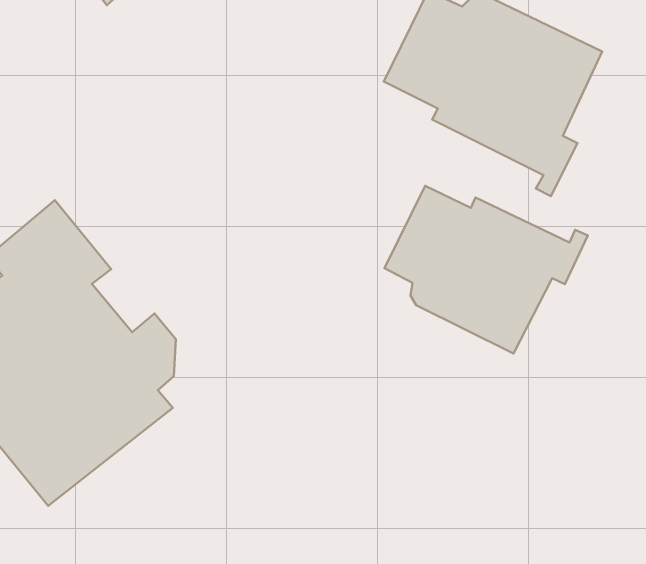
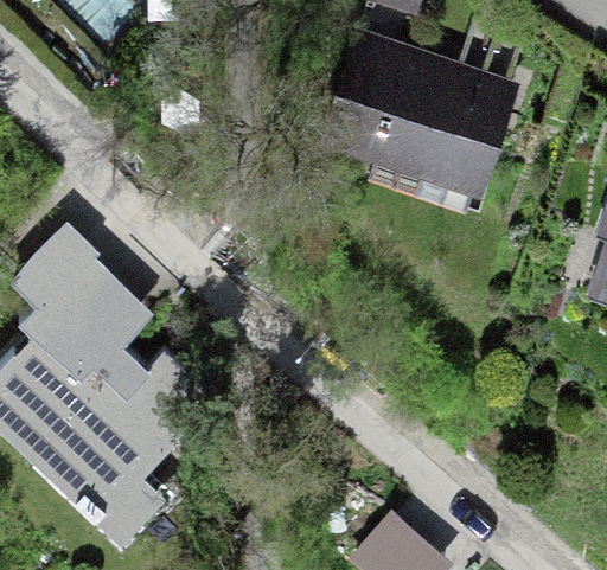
building: [385,186,588,354] -> none

